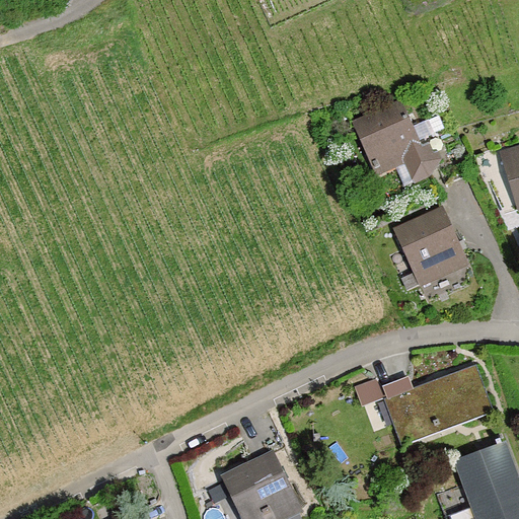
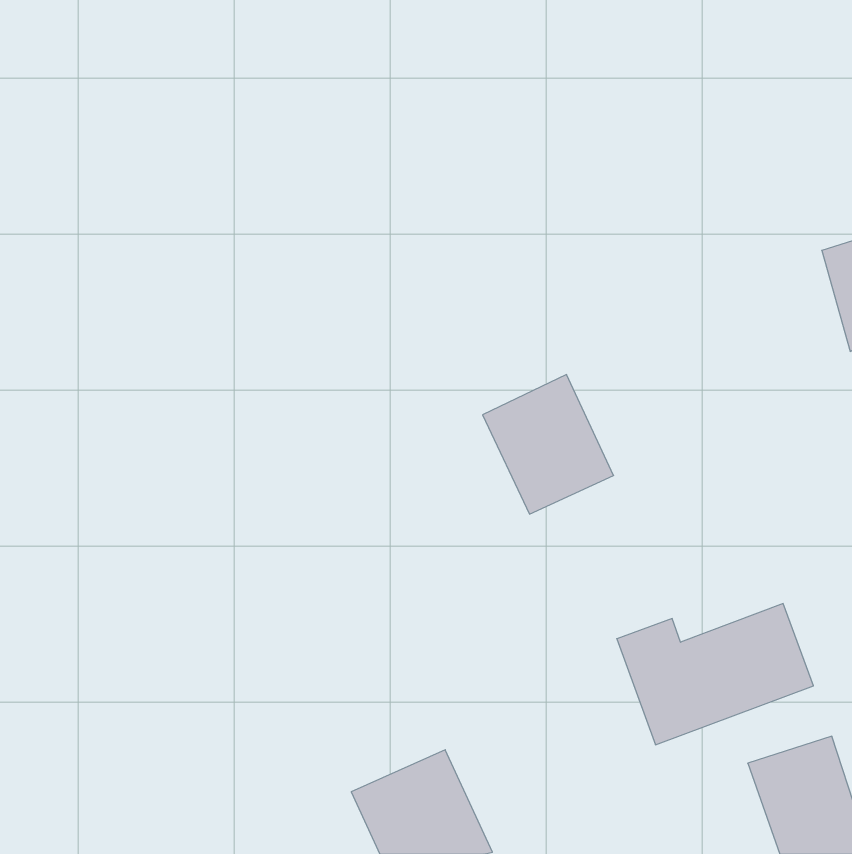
building: [351,100,433,184] -> none
building: [392,203,471,287] -> [483,375,614,514]

